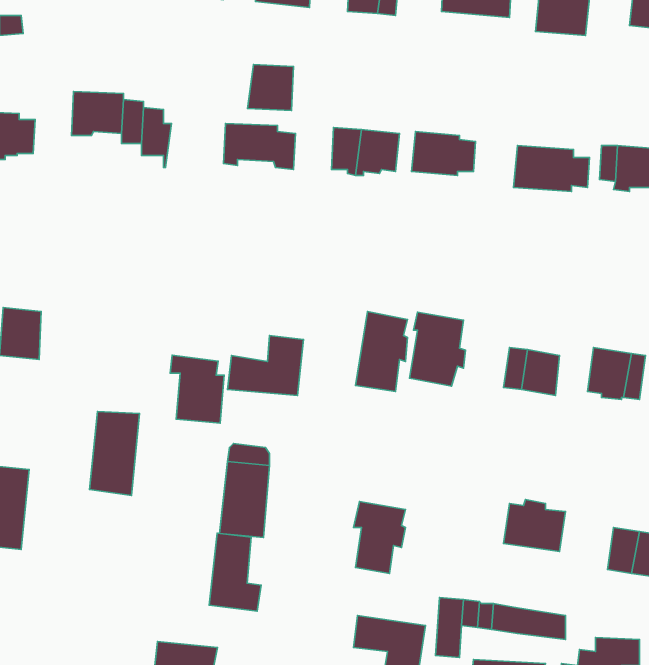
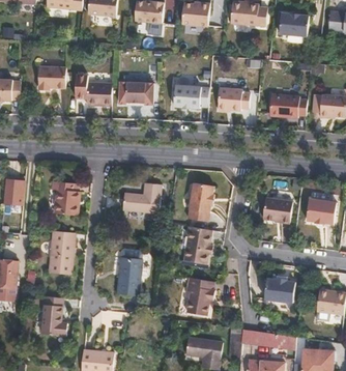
building: [248,64,294,110] -> [88,82,112,106]
building: [409,312,465,386] -> [183,226,212,264]
building: [170,355,224,423] -> [51,179,79,215]
building: [209,533,261,611] -> [40,296,67,337]

